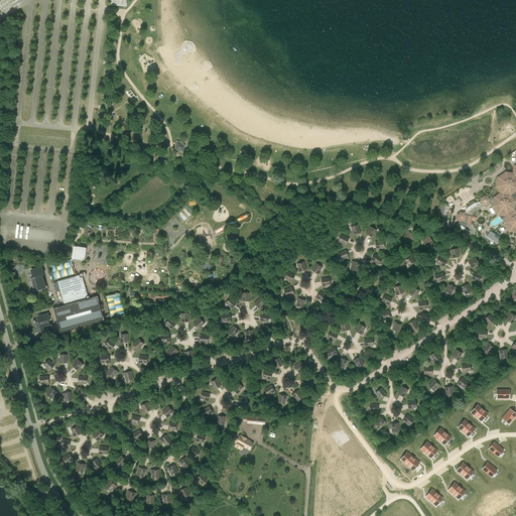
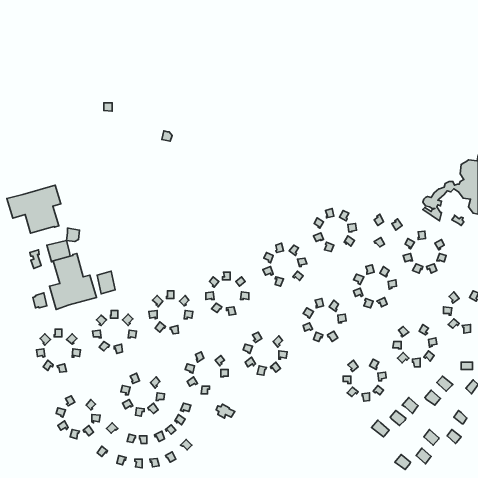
building: none -> [7,185,61,233]

